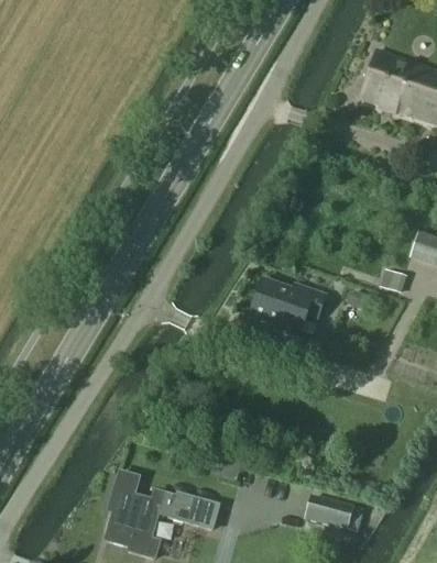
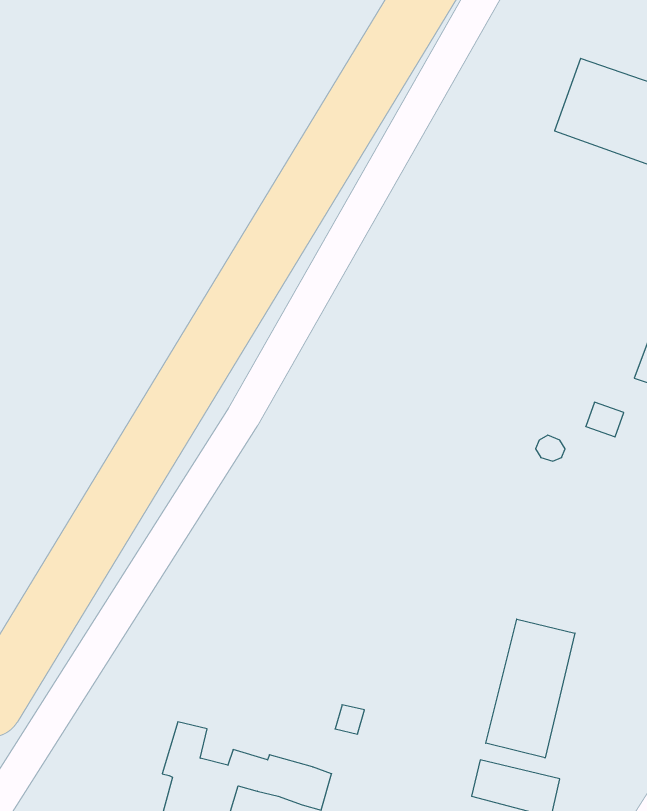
building: [250,279,325,336] -> none
building: none -> [486,619,575,758]

